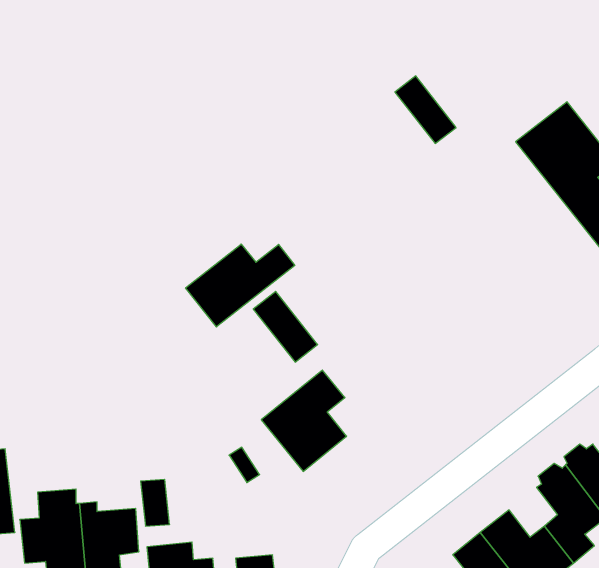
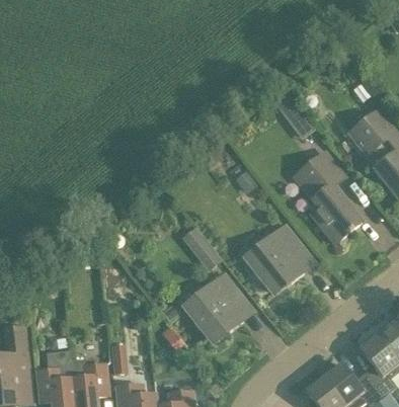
building: none -> [296,151,361,242]
building: [186,244,295,327] -> none
building: none -> [246,226,302,291]

